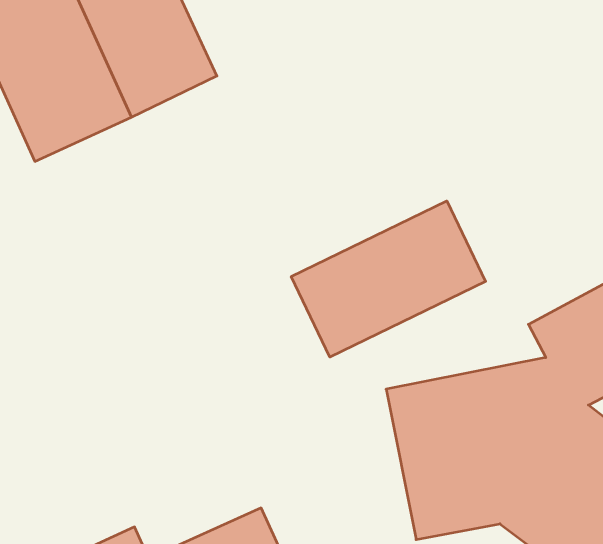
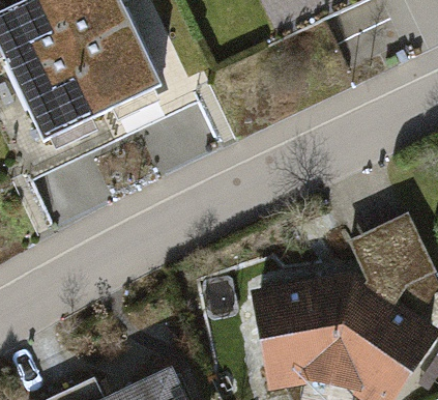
building: [291,201,486,357] -> none

